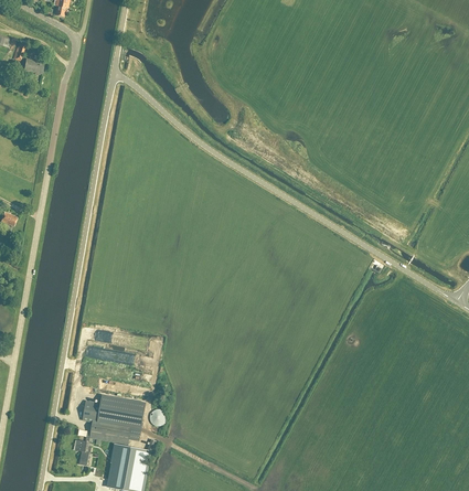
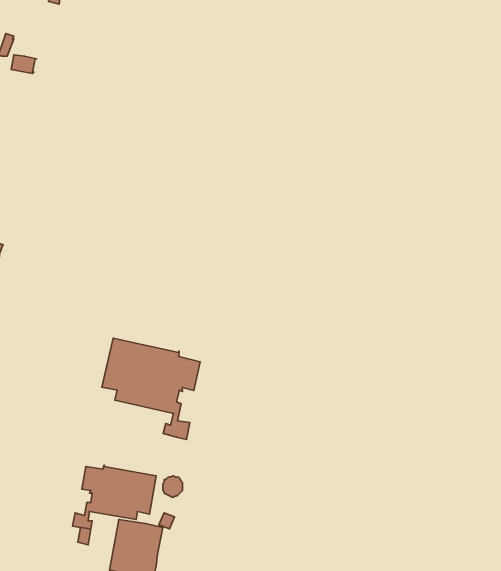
building: none -> [102,338,200,439]

